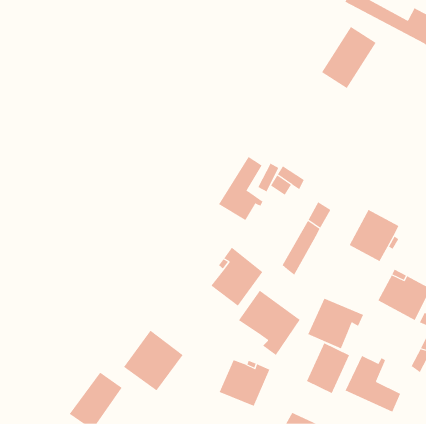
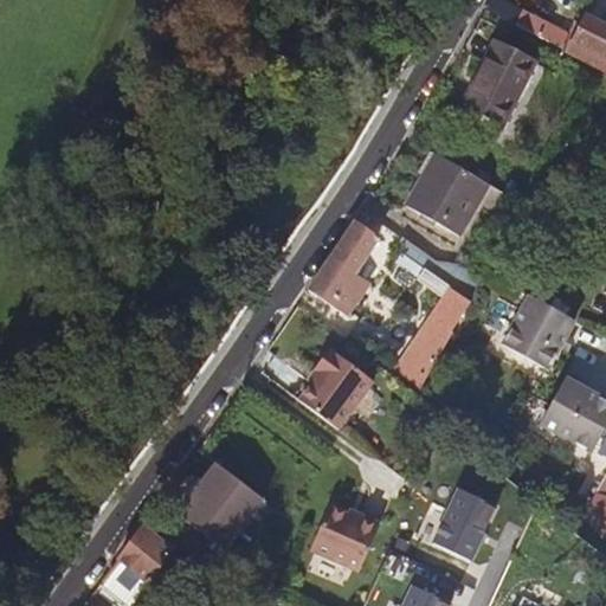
building: none -> [407,148,490,233]
building: [238,290,300,356] -> none
building: [308,298,364,349] -> none
building: [345,355,401,412] -> none

